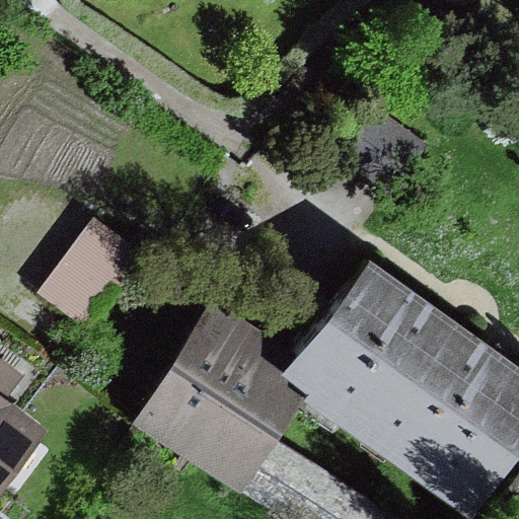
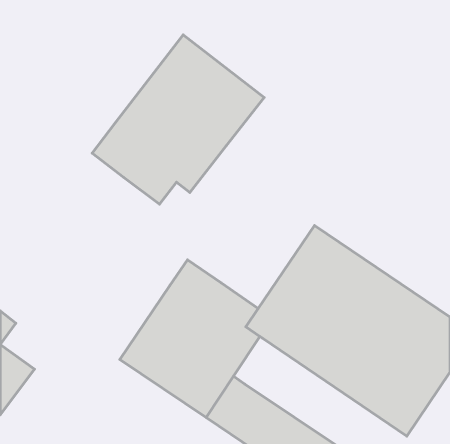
building: none -> [92,35,264,204]
building: [35,224,138,332] -> none

